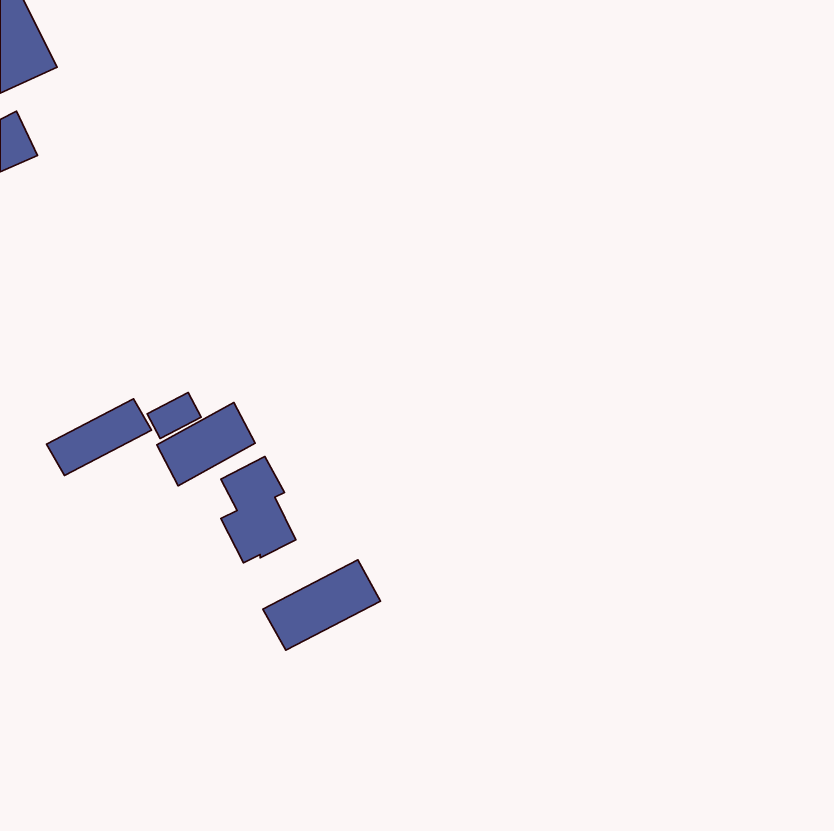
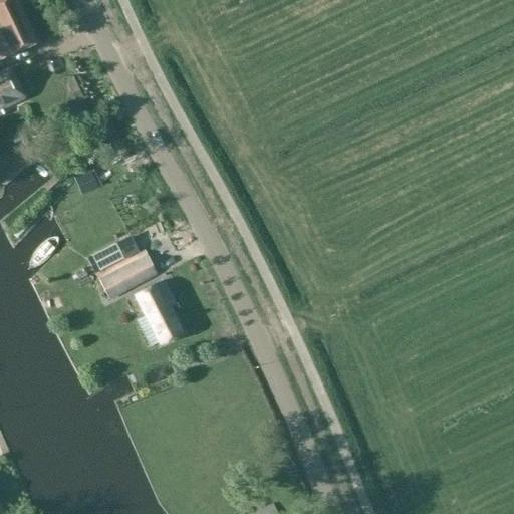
building: [47,399,151,476] -> none
building: [263,560,381,650] -> none

